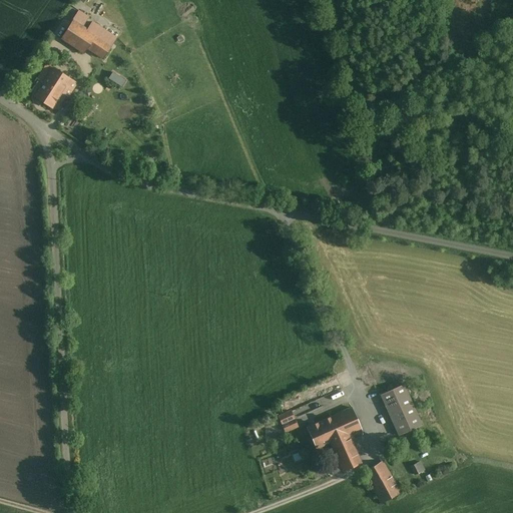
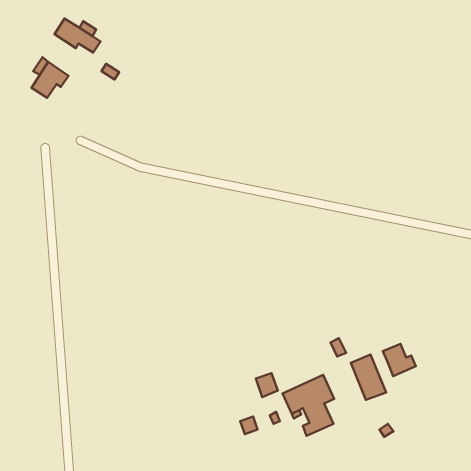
building: none -> [383,344,416,376]
building: [363,460,401,503] -> none

